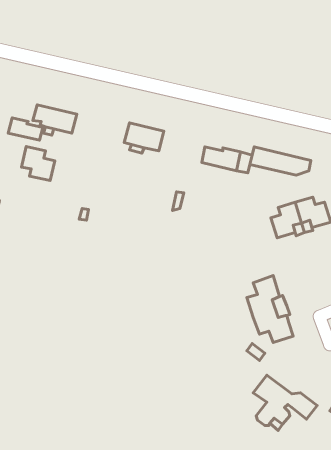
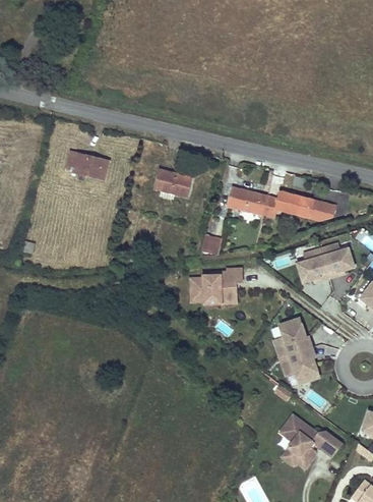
building: [8,118,43,140] -> none
building: [21,146,55,181] -> none
building: none -> [189,270,242,302]

